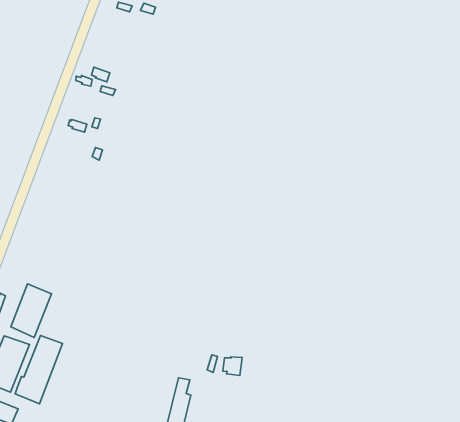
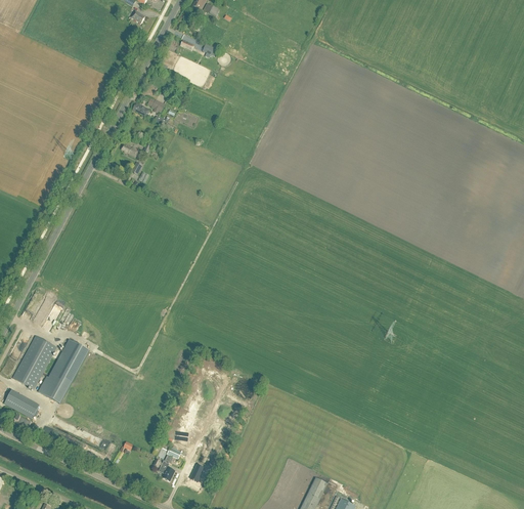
building: [11,284,52,338] -> none

